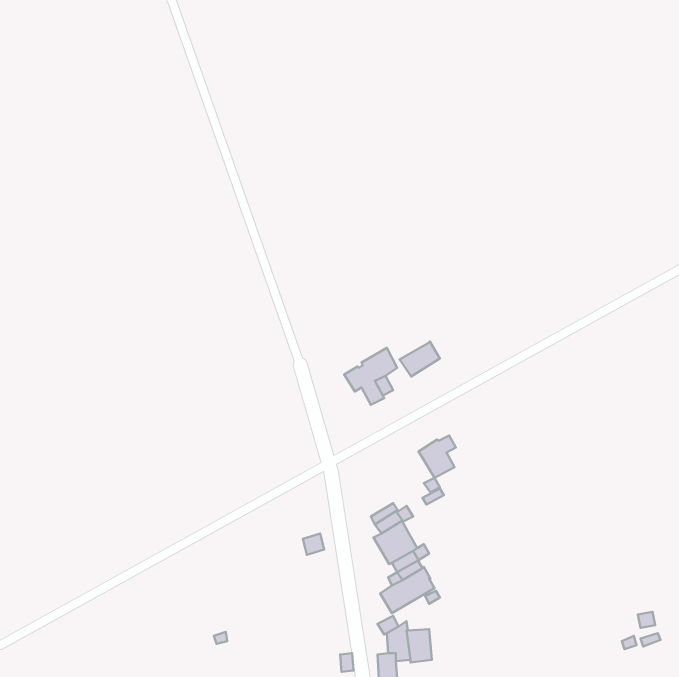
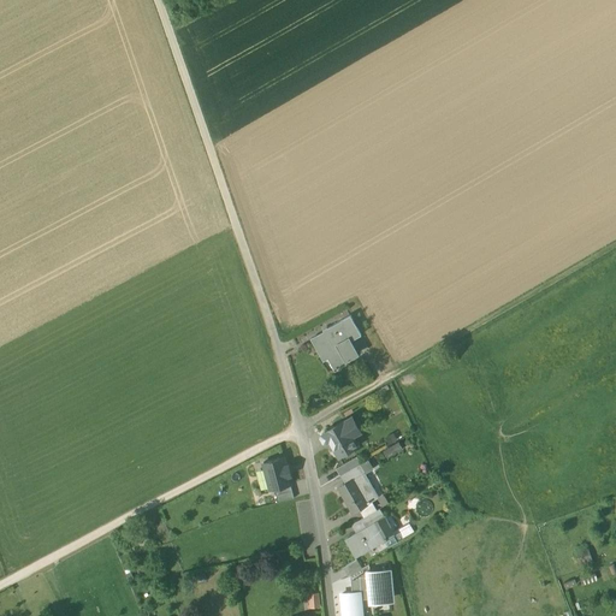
building: [399,342,440,376] -> none
building: [419,435,456,478] -> [325,419,359,457]
building: none -> [263,458,290,491]

